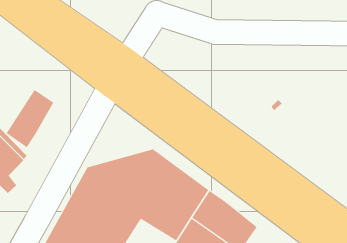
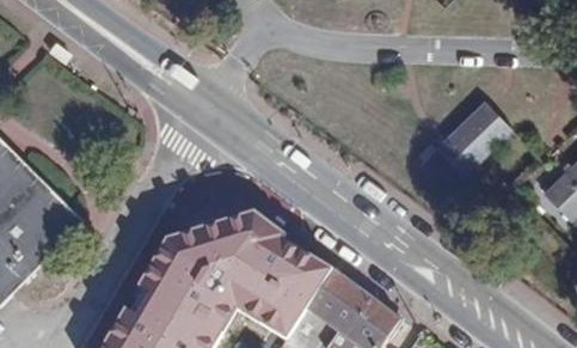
building: none -> [435,98,512,175]
building: [6,89,54,148] -> none

